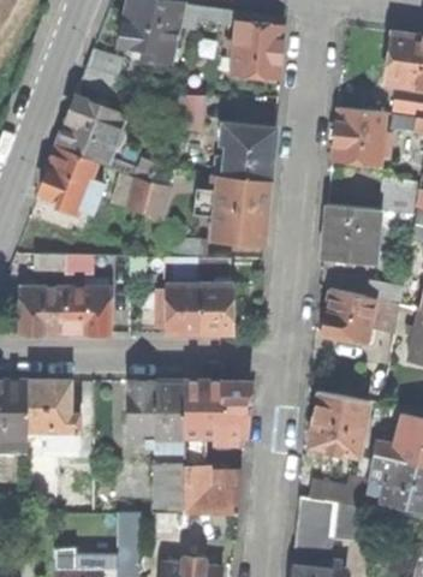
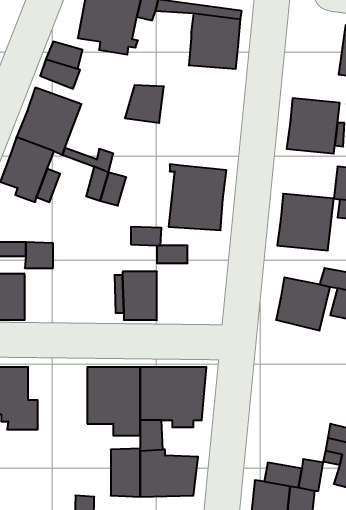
building: [222,124,275,180] -> none
building: [199,284,232,333] -> none
building: [65,286,111,333] -> none
building: [308,391,369,457] -> none

